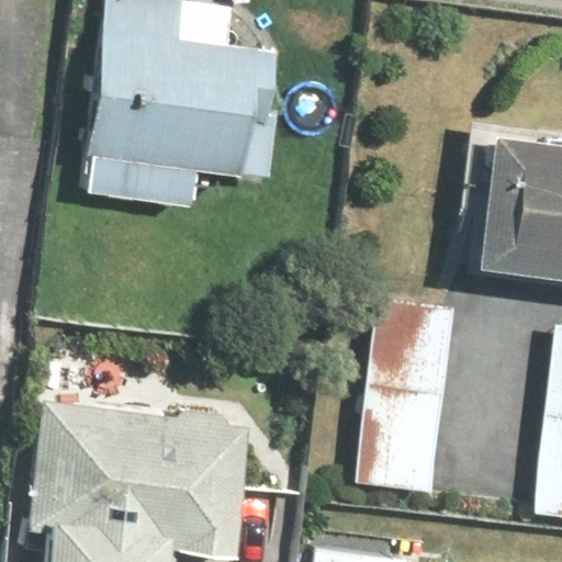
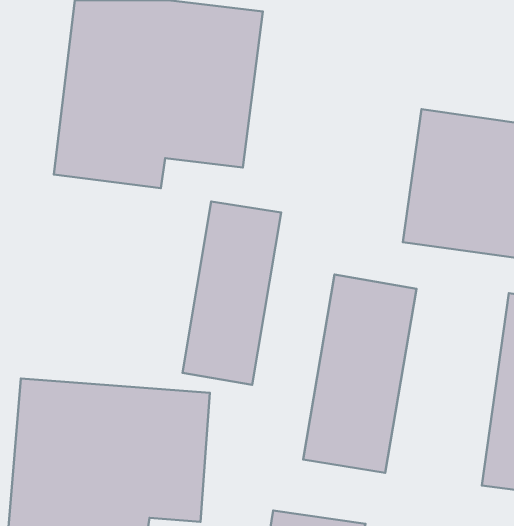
building: none -> [183,201,281,385]

